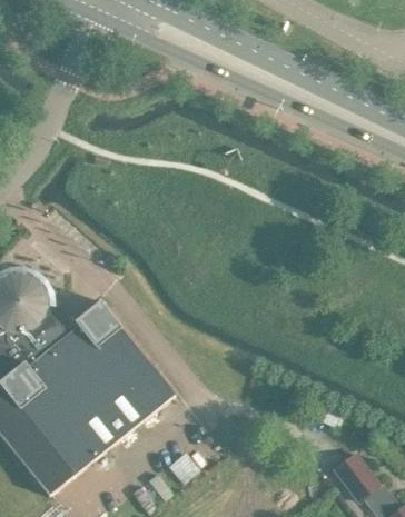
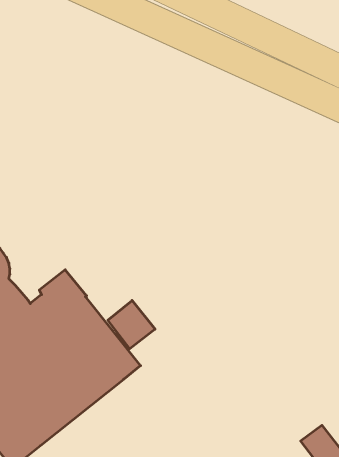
building: none -> [108,300,155,349]

